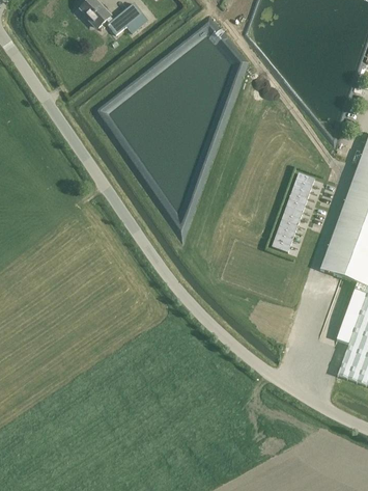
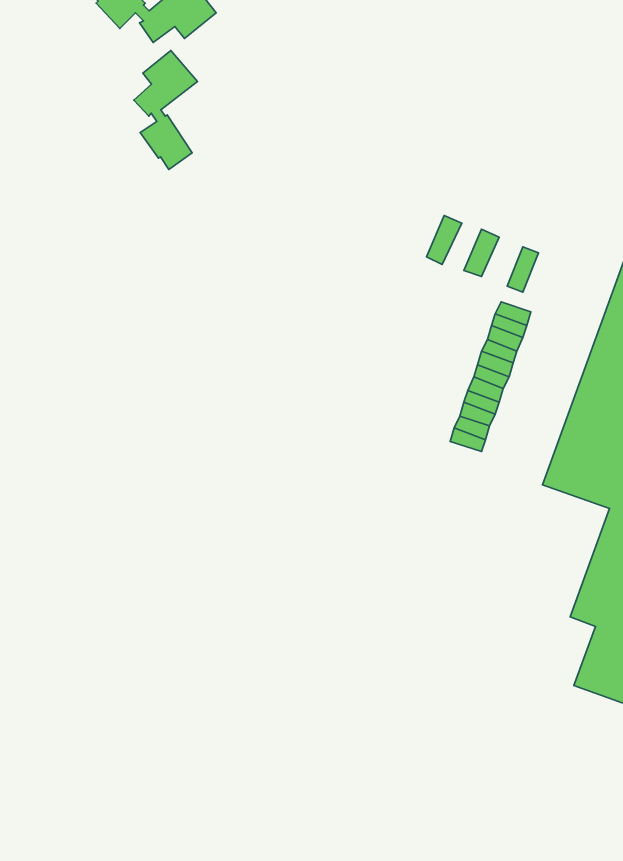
building: none -> [134,50,197,169]

